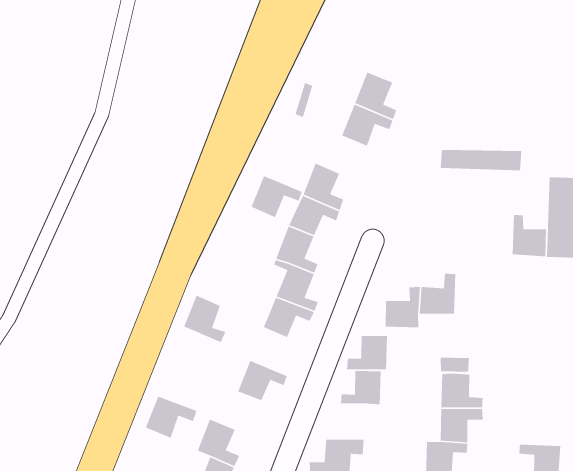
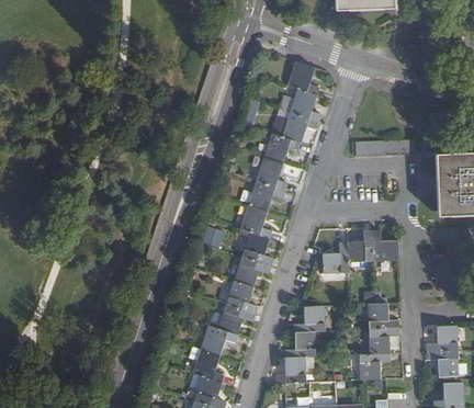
building: none -> [287,60,318,94]
building: [251,175,303,218] -> [263,133,301,163]
building: [512,214,547,257] -> [372,230,398,260]
building: [183,295,226,343] -> [226,280,258,314]
building: [346,335,388,370] -> [285,330,315,358]
building: [145,396,197,439] -> [200,325,237,355]
building: none -> [427,325,458,351]

